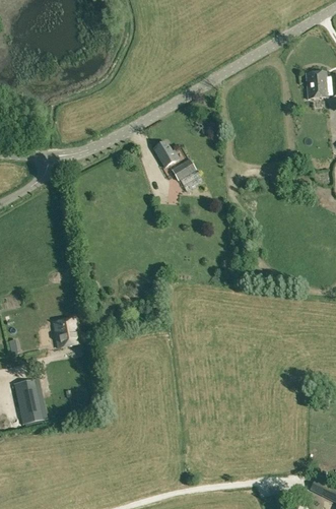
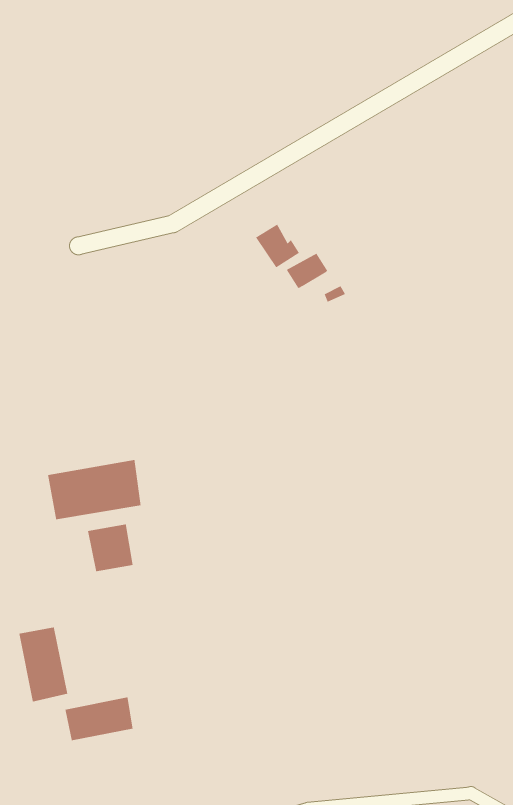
building: none -> [47,459,141,520]
building: none -> [65,696,133,741]

